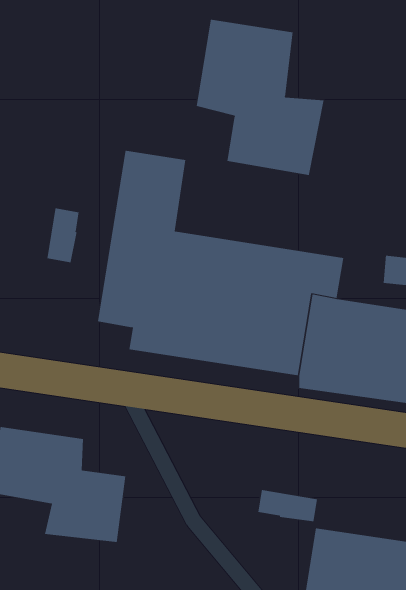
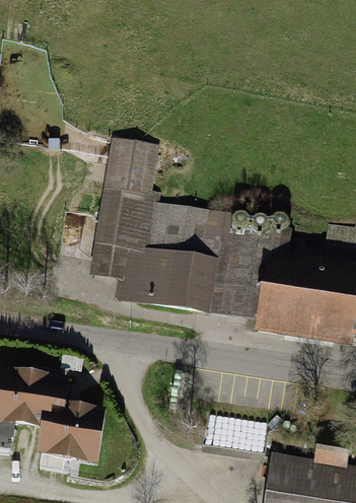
building: [196,19,324,176] -> none
building: [47,208,79,263] -> none

